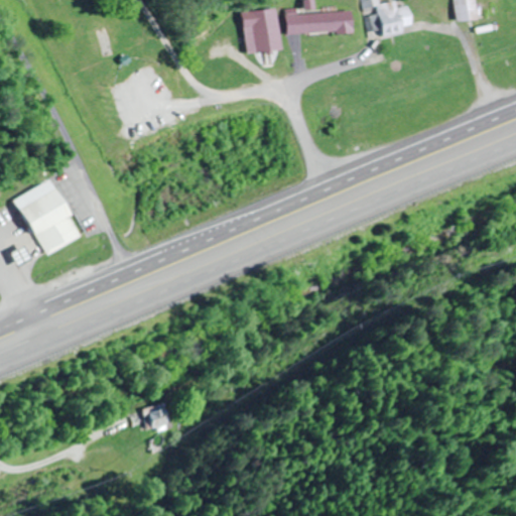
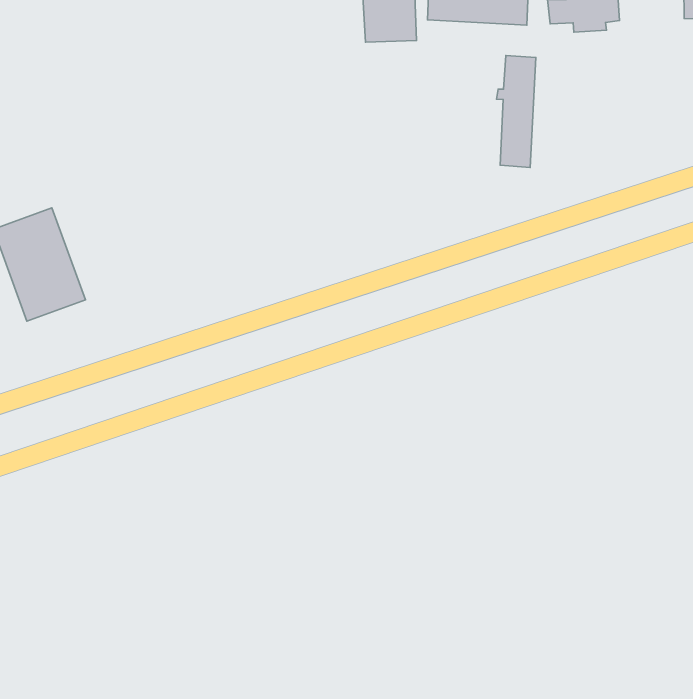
building: none -> [496,55,536,167]
building: [141,403,171,431] -> none

